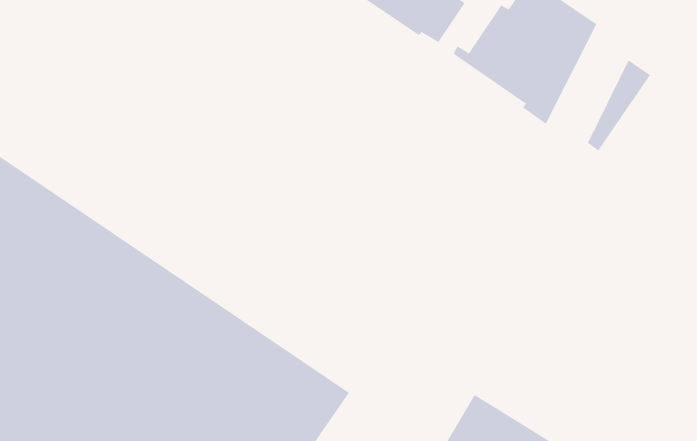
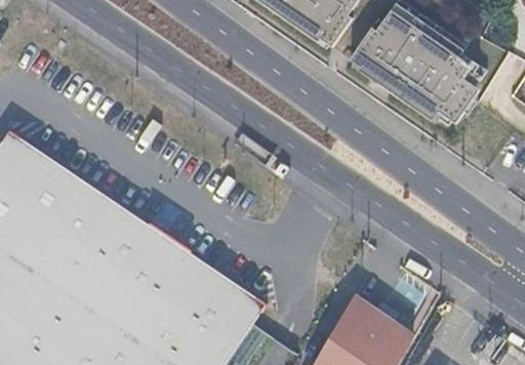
building: none -> [409,34,469,121]

